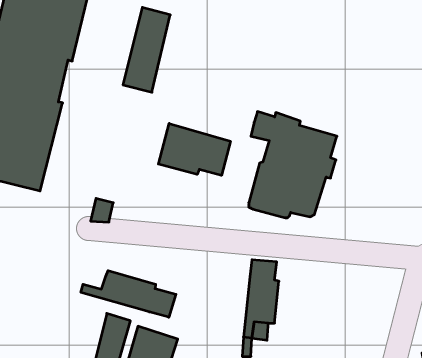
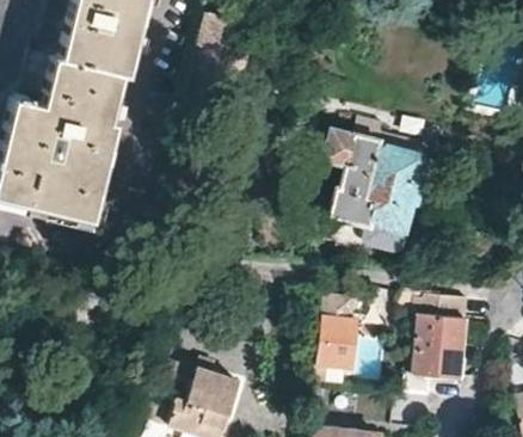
building: [158,123,230,175] -> none
building: none -> [417,294,470,380]
building: [81,271,176,317] -> none

